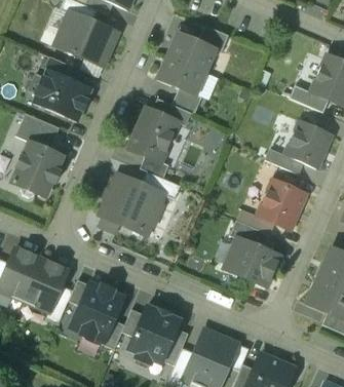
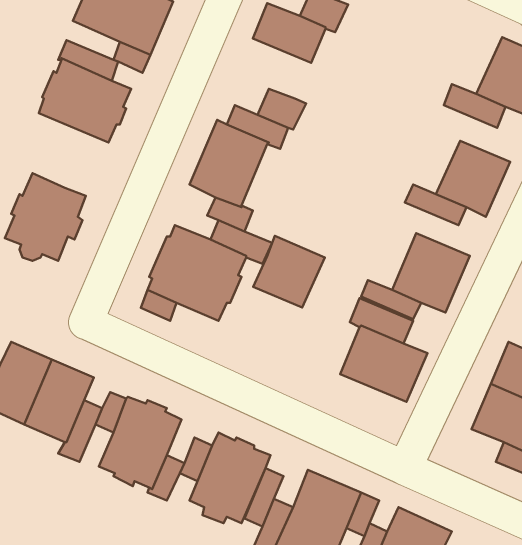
building: [158,55,205,93] -> none
building: [15,113,60,150] -> none
building: none -> [253,236,325,308]

